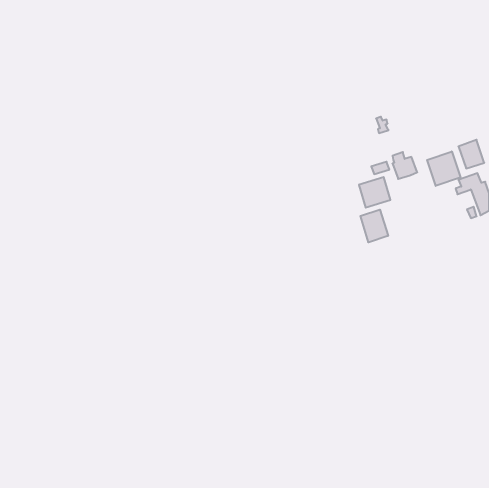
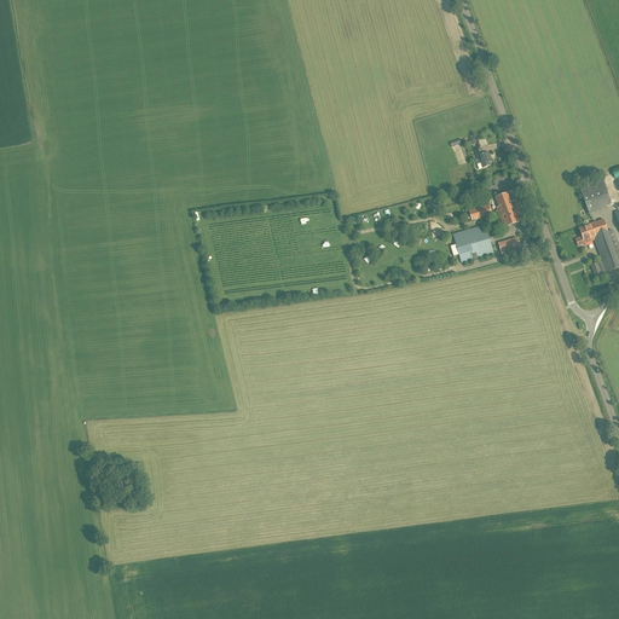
building: [427,151,460,186] -> none
building: [360,210,388,242] -> none

